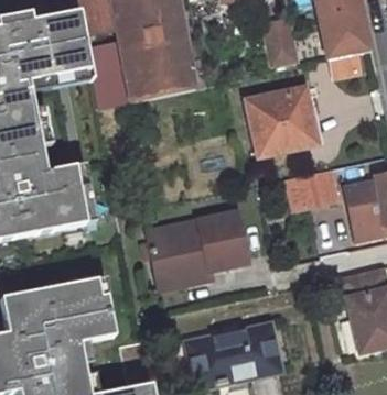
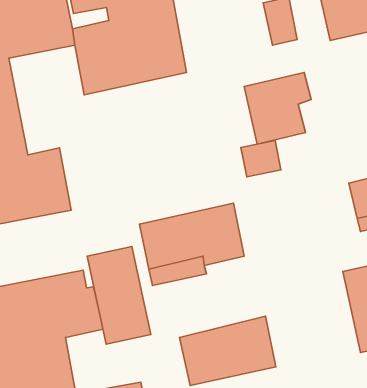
building: [307,173,344,207] -> [241,140,281,177]
building: none -> [87,247,151,344]

